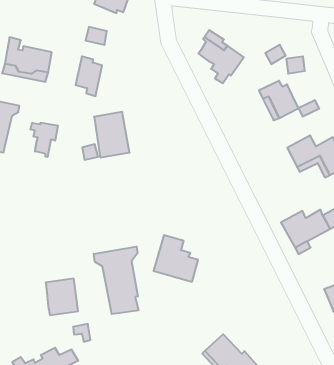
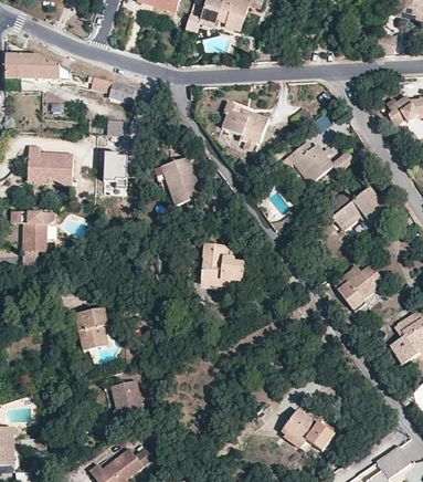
building: [94,112,130,157] -> [161,155,203,205]
building: [30,123,58,157] -> none
building: none -> [78,307,110,349]
building: [153,235,198,282] -> [201,245,244,287]
building: [94,246,138,314] -> none

